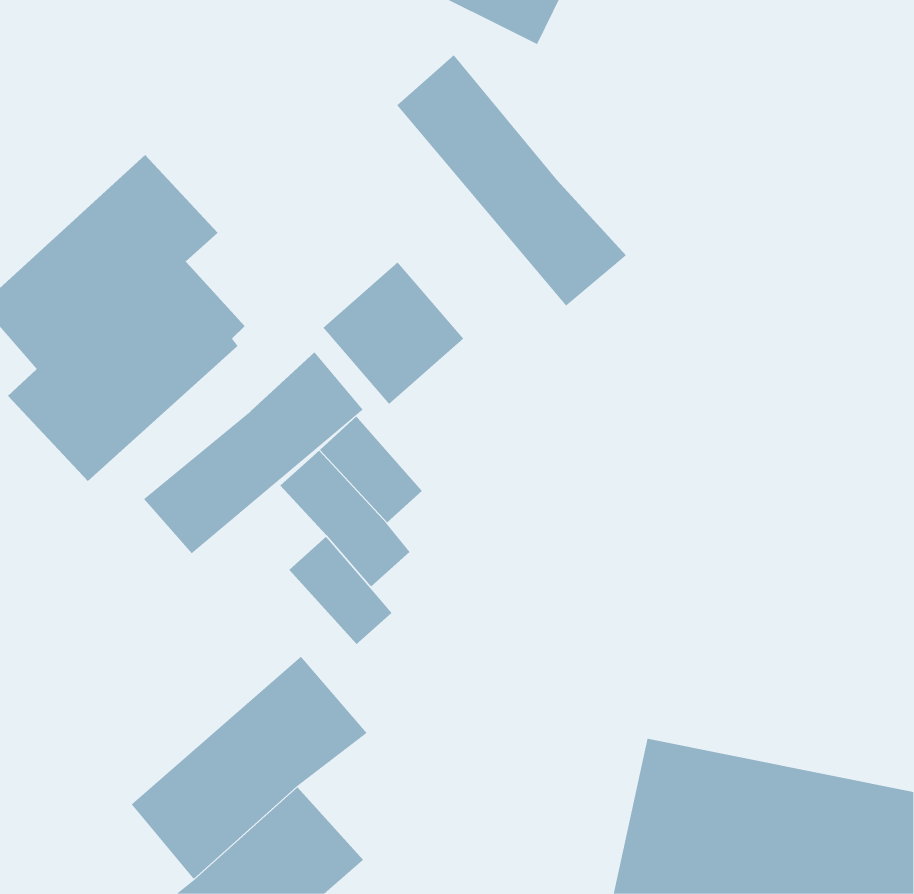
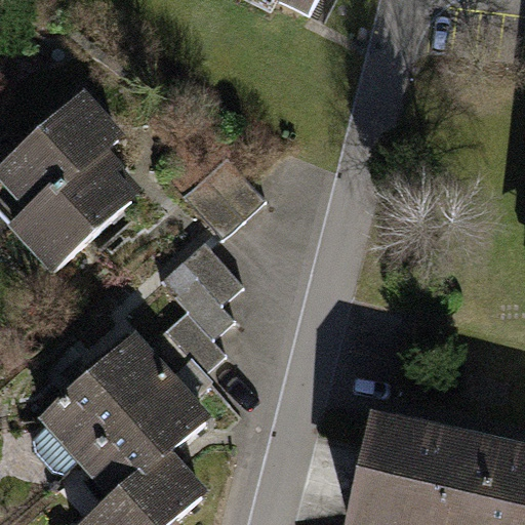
building: [397,55,627,307] -> none
building: [143,352,363,554] -> none
building: none -> [33,334,172,470]

